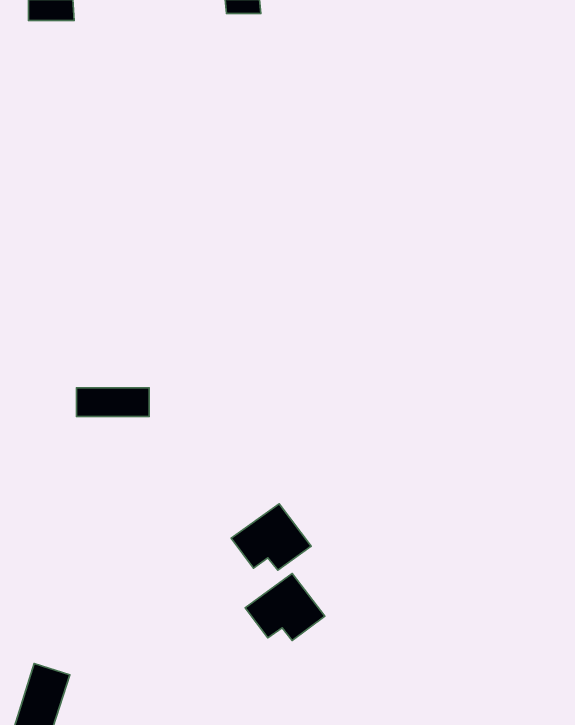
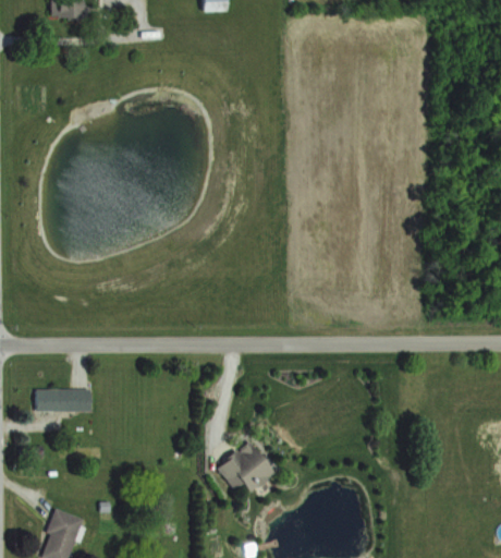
building: [77,388,149,416] -> [36,389,91,411]
building: [231,504,311,570] -> none

